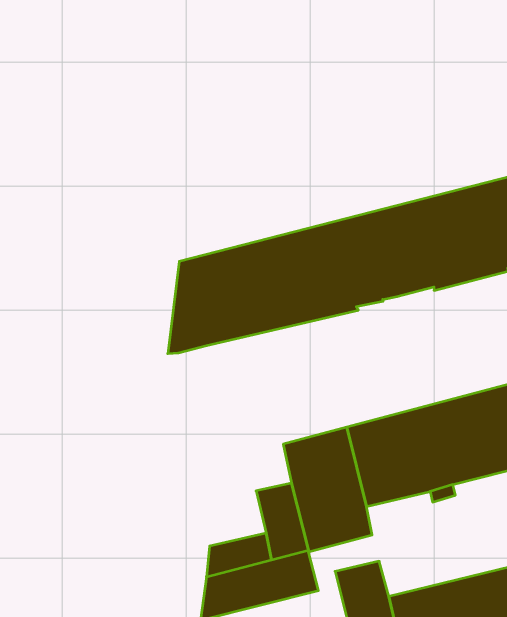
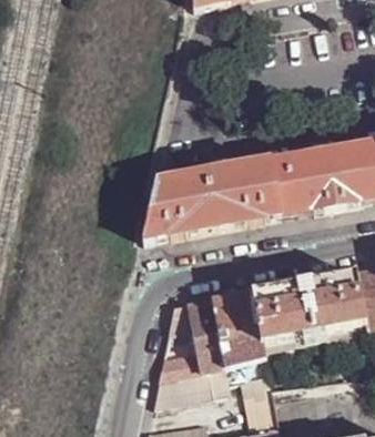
building: none -> [170,297,217,329]

